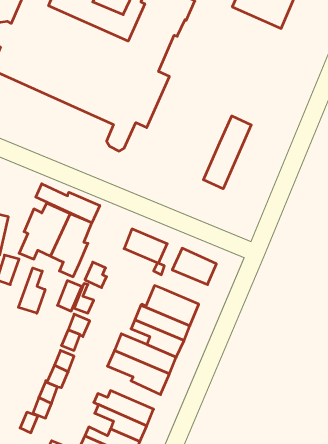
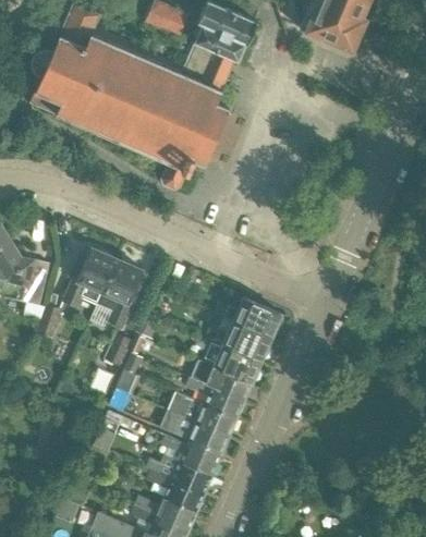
building: [203,116,251,189] -> none
building: [36,184,100,223] -> none
building: [124,229,167,263] -> [222,321,270,359]
building: [18,268,45,313] -> none
building: none -> [160,436,218,476]

